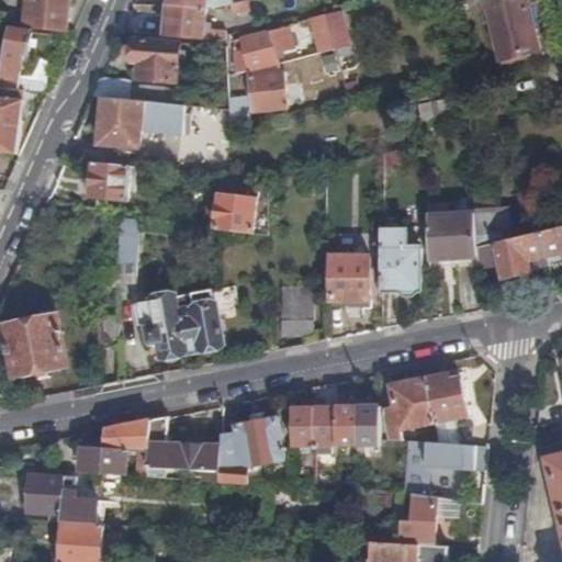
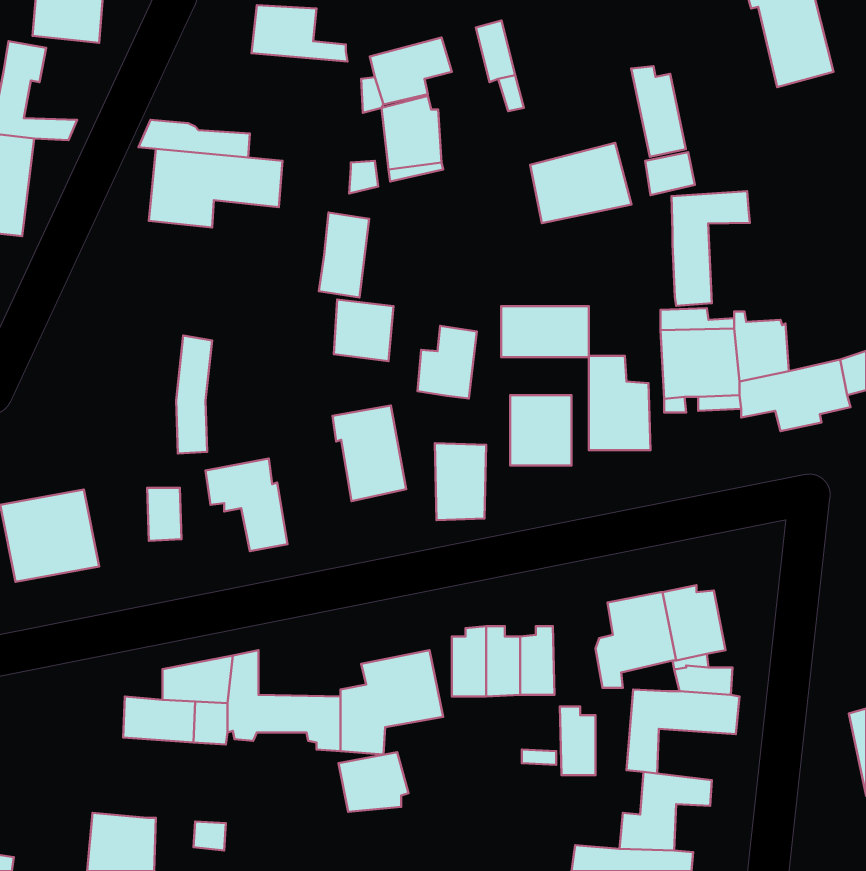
building: [130,37,178,80] -> none
building: none -> [631,66,686,157]
building: none -> [530,143,632,223]
building: none -> [672,191,750,306]
building: none -> [319,212,369,298]
building: [88,160,127,198] -> none
building: none -> [501,306,589,357]
building: none -> [417,326,477,398]
building: [172,288,220,349] -> [333,405,406,501]
building: [355,402,378,446] -> [560,707,596,775]
building: [25,473,95,525] -> none
building: none -> [338,752,408,812]

